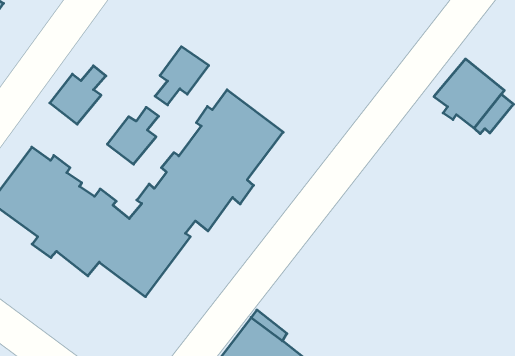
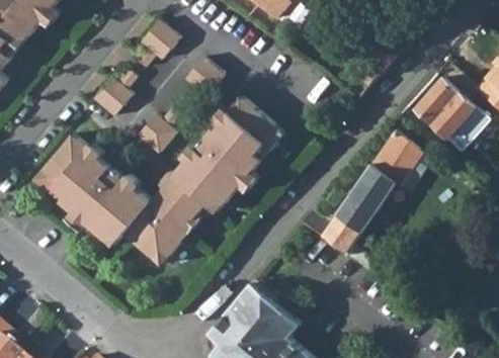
building: none -> [134,18,180,68]
building: none -> [304,128,428,282]

